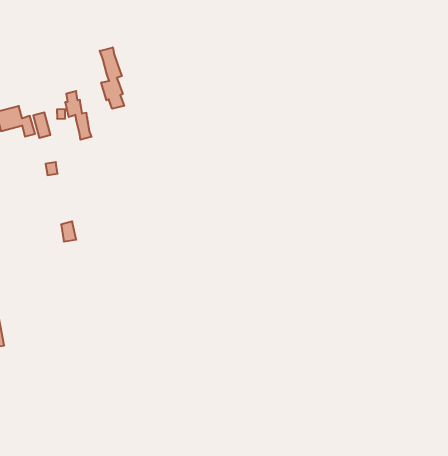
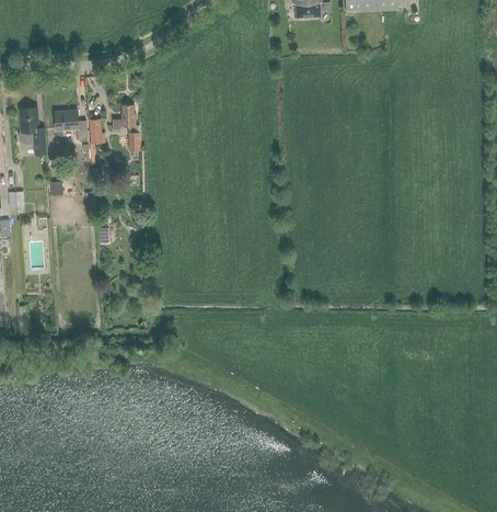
building: [100,47,124,109] -> none

